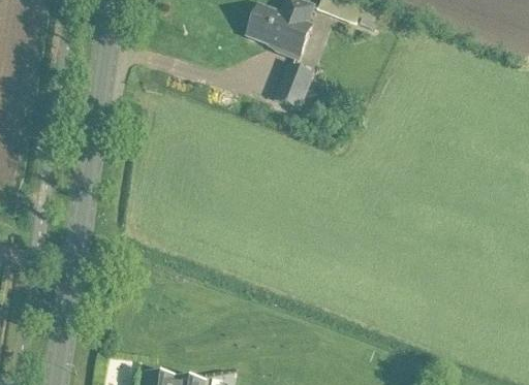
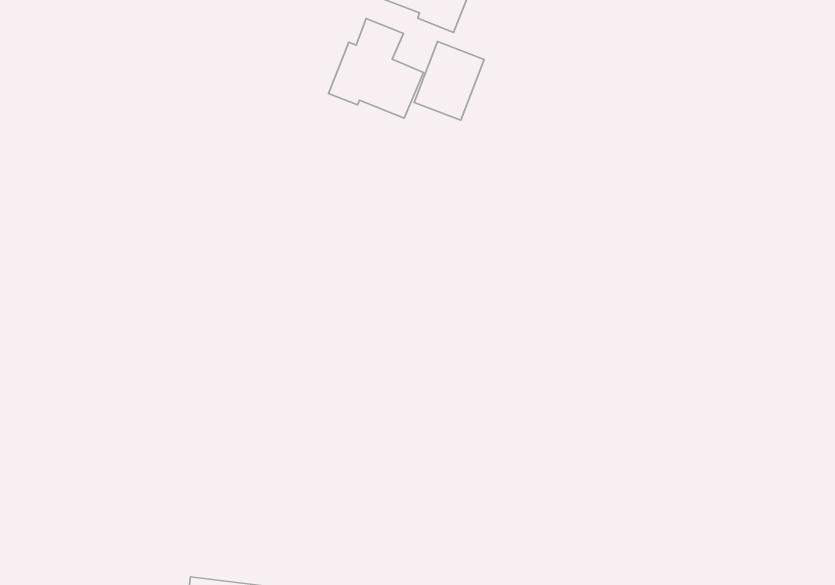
building: none -> [329,18,423,118]

